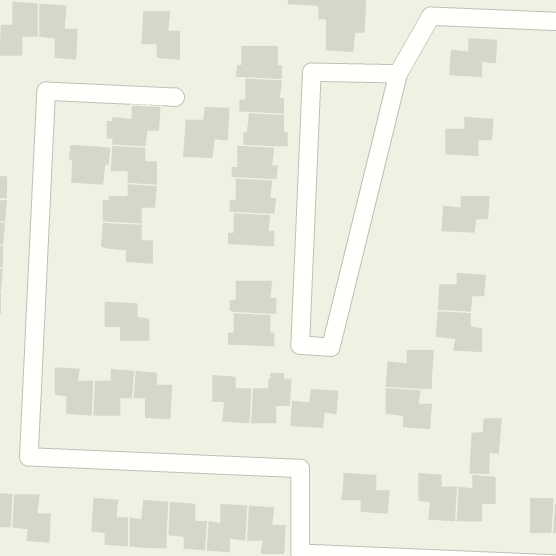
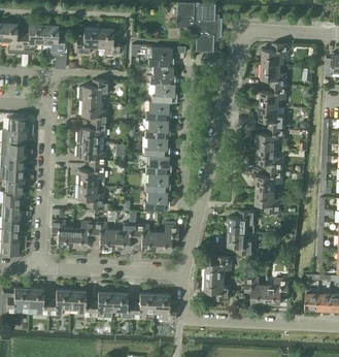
building: none -> [76,28,99,54]
building: none -> [262,64,287,87]
building: [182,106,230,159] -> none
building: [68,144,111,185] -> none
building: none -> [260,106,286,128]
building: none -> [258,148,283,170]
building: none -> [146,155,172,173]
building: none -> [78,164,105,186]
building: none -> [114,224,136,249]
building: [289,388,339,429] -> [206,256,233,278]
building: [469,417,503,475] -> none
building: none -> [49,289,72,316]

